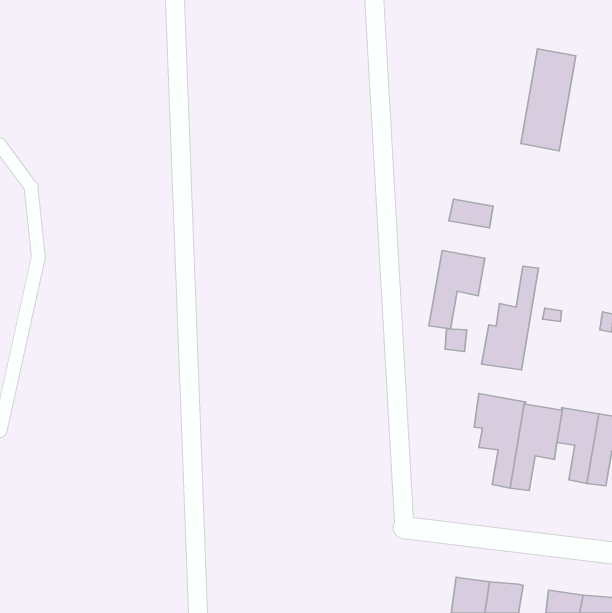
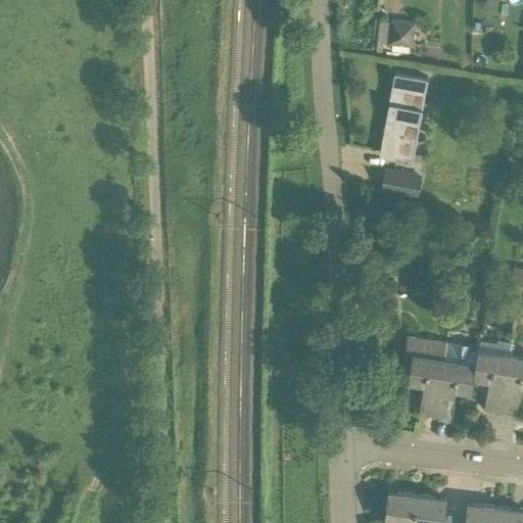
building: none -> [390,19,415,45]
building: [521,49,576,151] -> [381,70,428,157]
building: [429,250,485,329] -> none
building: [482,266,539,370] -> none

